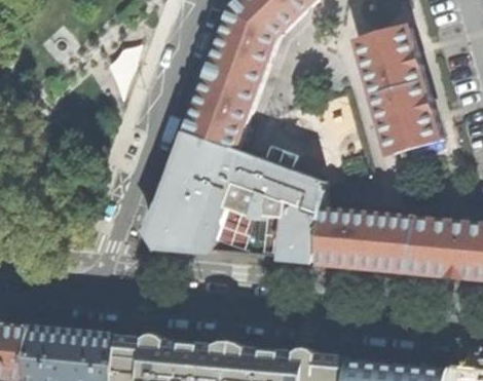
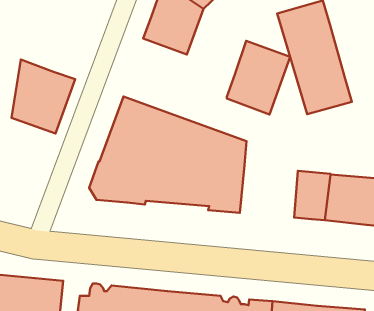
building: [184,70,254,151] -> [227,41,290,114]
building: none -> [12,59,75,133]
building: [312,209,376,267] -> none

